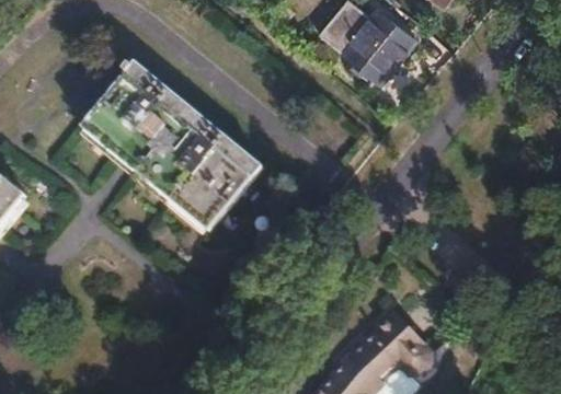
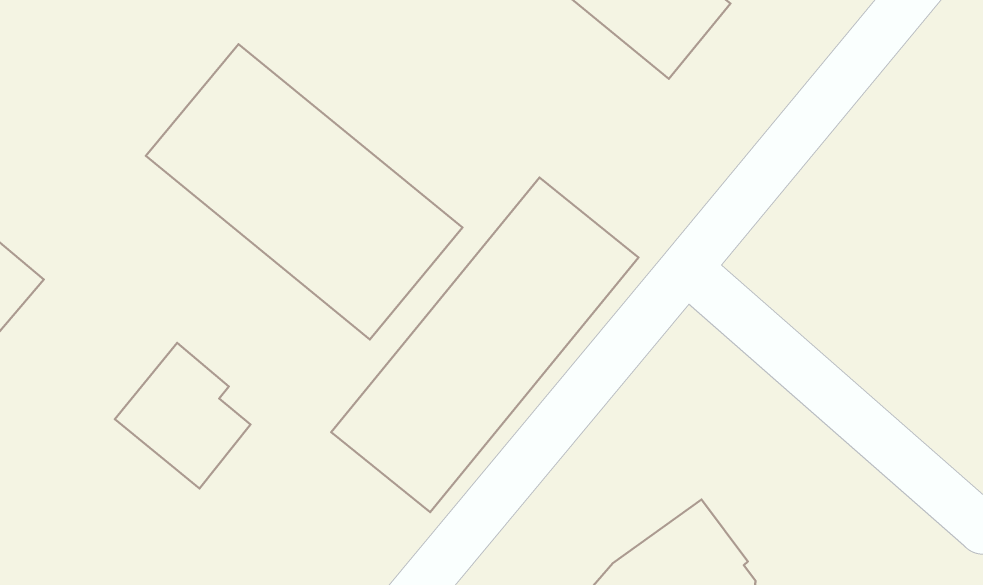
building: none -> [331,177,638,512]
building: none -> [115,343,251,488]

